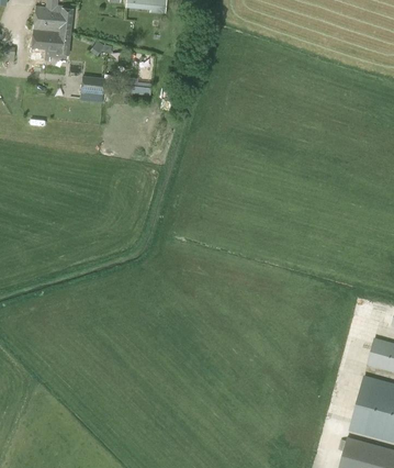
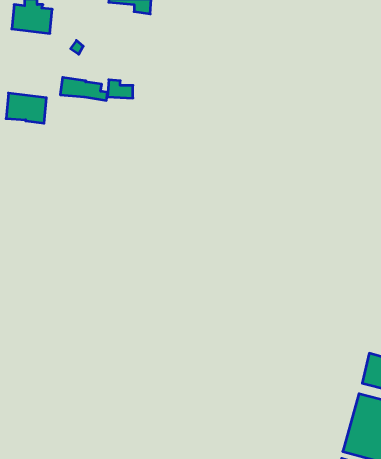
building: [32,29,70,57] -> [6,93,46,123]

